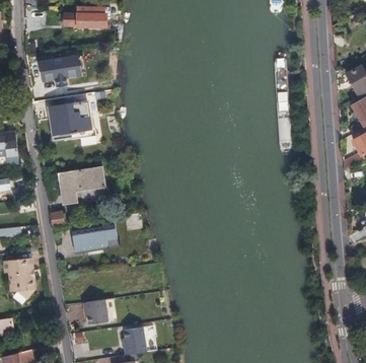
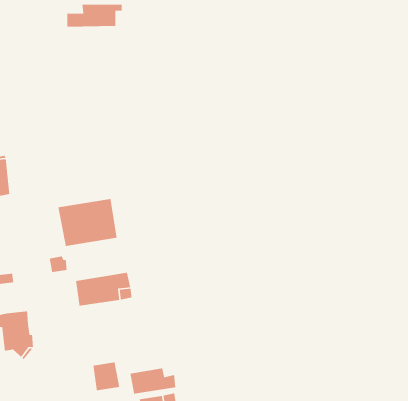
building: [41,54,80,80] -> none
building: [49,104,90,140] -> none
building: none -> [130,367,176,395]

